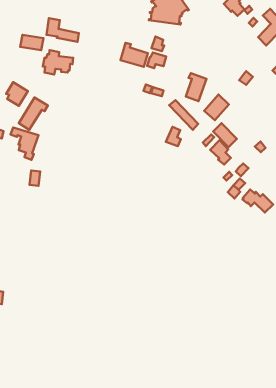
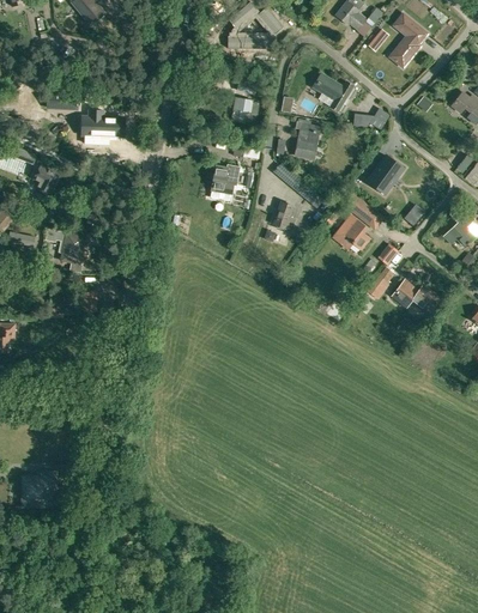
building: [47,18,79,42] -> none
building: none -> [311,72,352,111]
building: [120,43,148,67] -> none
building: [204,94,229,120] -> [367,154,401,193]
building: none -> [210,164,238,195]
building: [19,97,48,130] -> none

